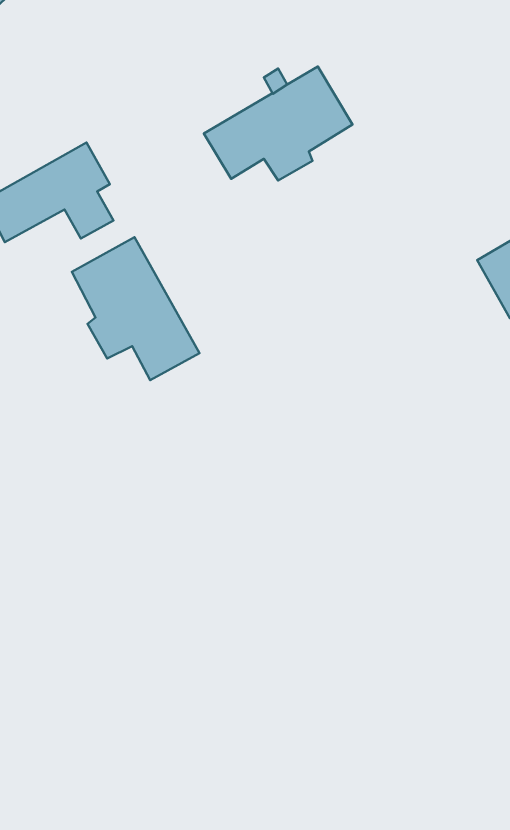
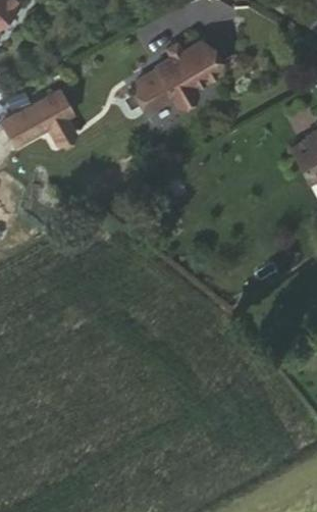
building: [72,237,199,380] -> none

